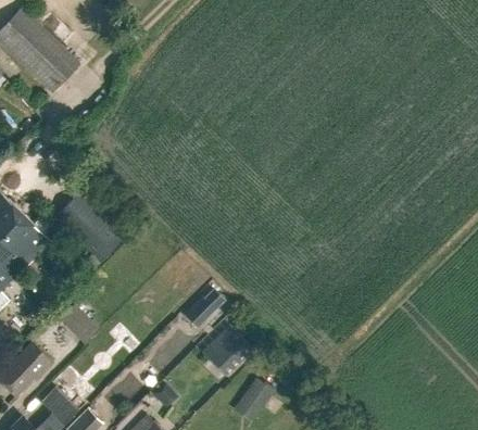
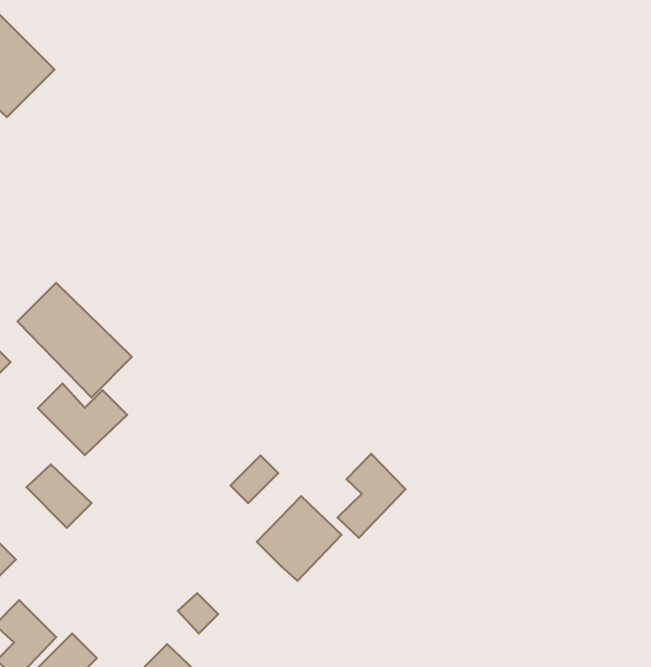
building: none -> [38,383,127,455]
building: none -> [338,454,406,538]
building: [240,378,275,414] -> none

